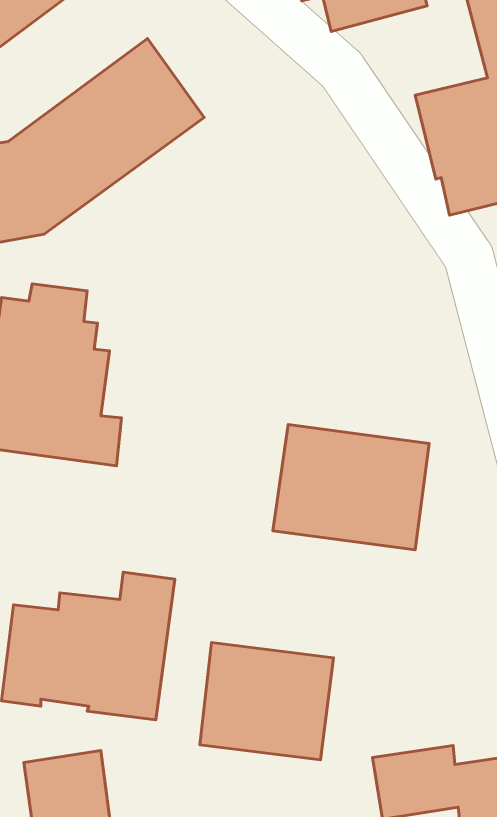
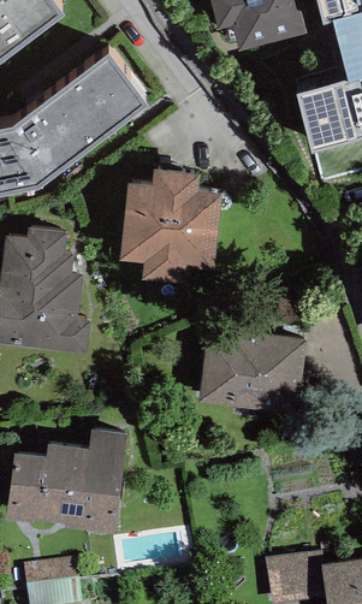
building: none -> [118,168,220,282]
building: [200,642,333,760] -> none

